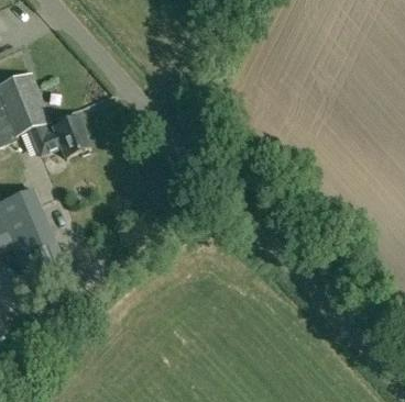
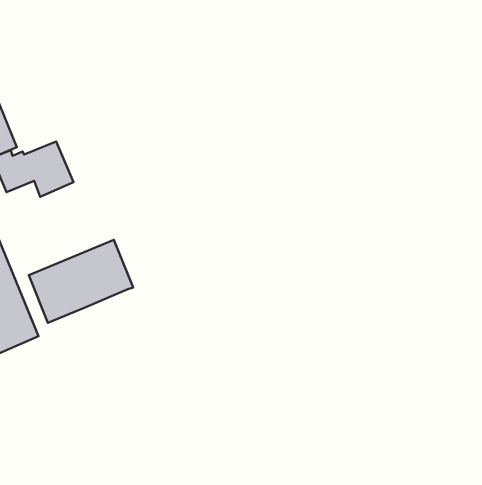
building: none -> [29,240,133,323]

